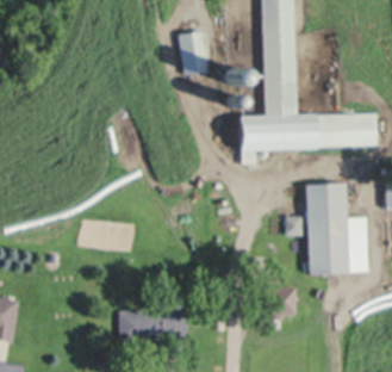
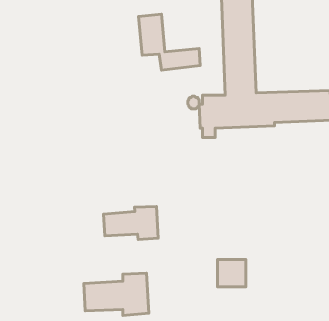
building: [285,185,365,275] -> none
building: none -> [103,207,158,240]

